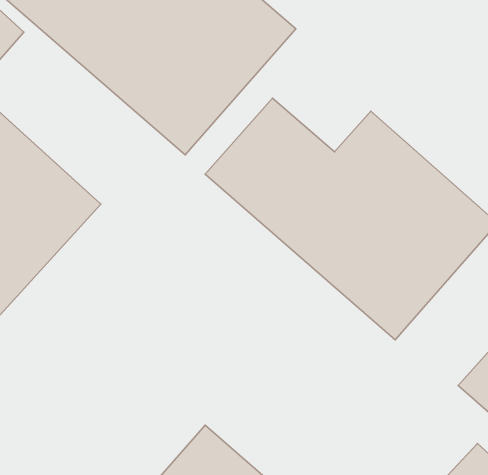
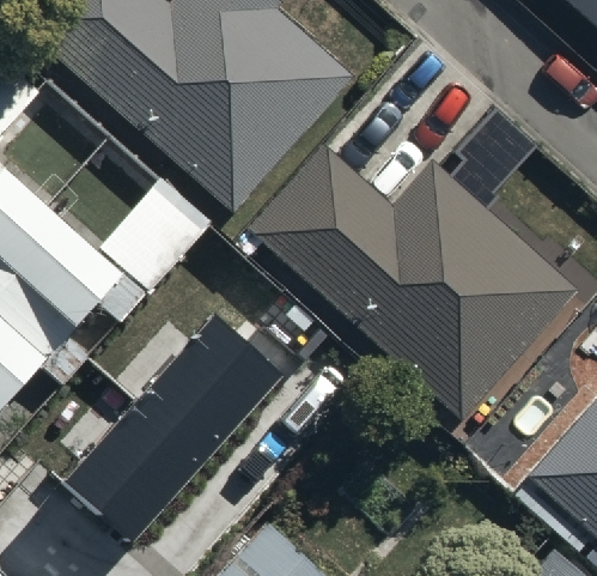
building: none -> [77,297,291,522]

